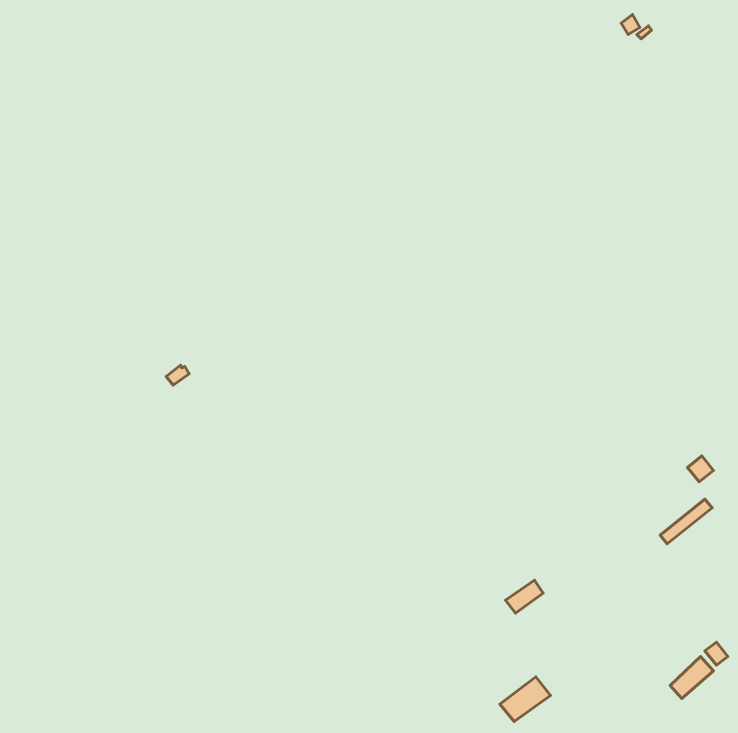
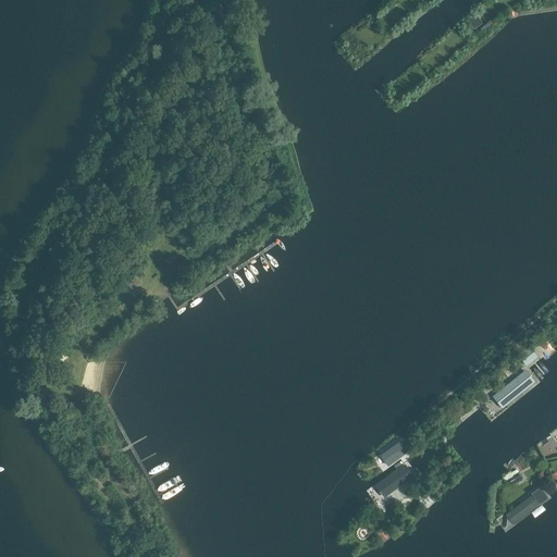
building: [500,677,550,722] -> [374,463,412,497]

